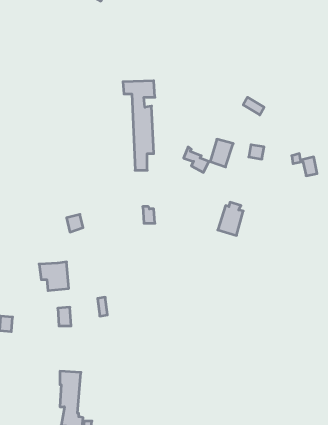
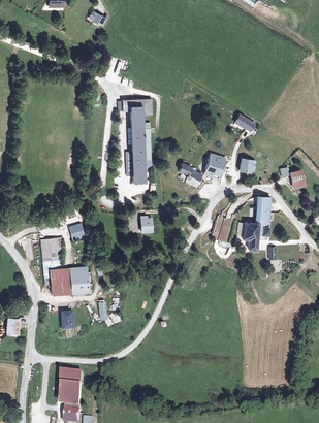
building: none -> [243,196,270,250]
building: none -> [40,237,61,270]
building: none -> [70,268,90,291]

